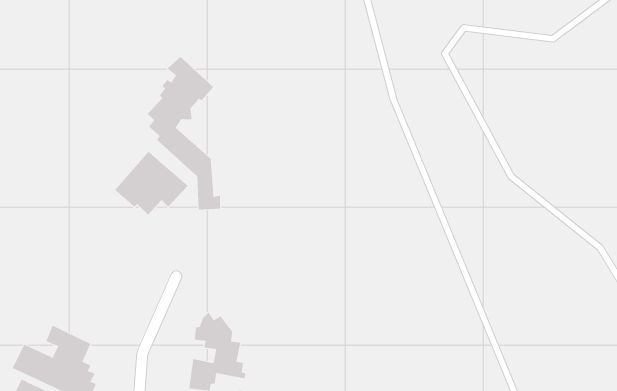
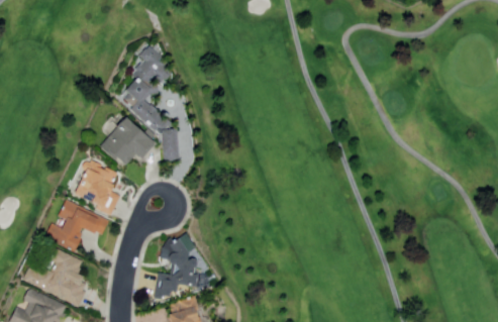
building: none -> [73,159,120,215]
building: none -> [45,199,108,251]

